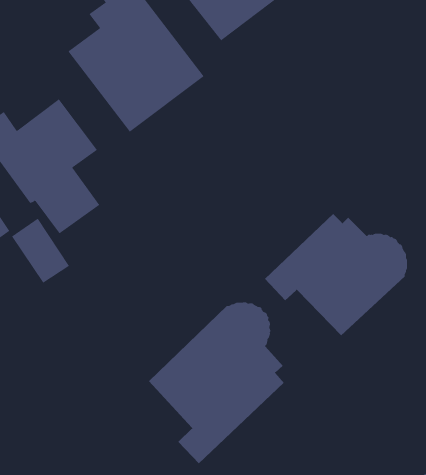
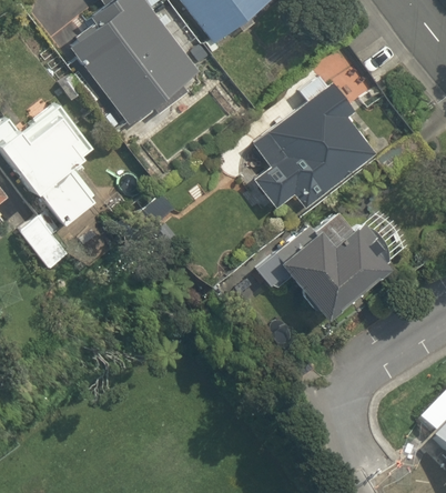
building: none -> [249,73,377,212]
building: [148,302,285,464] -> none

